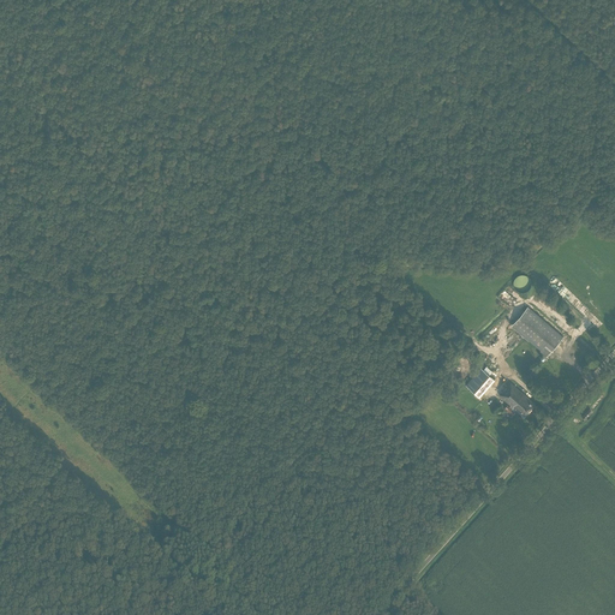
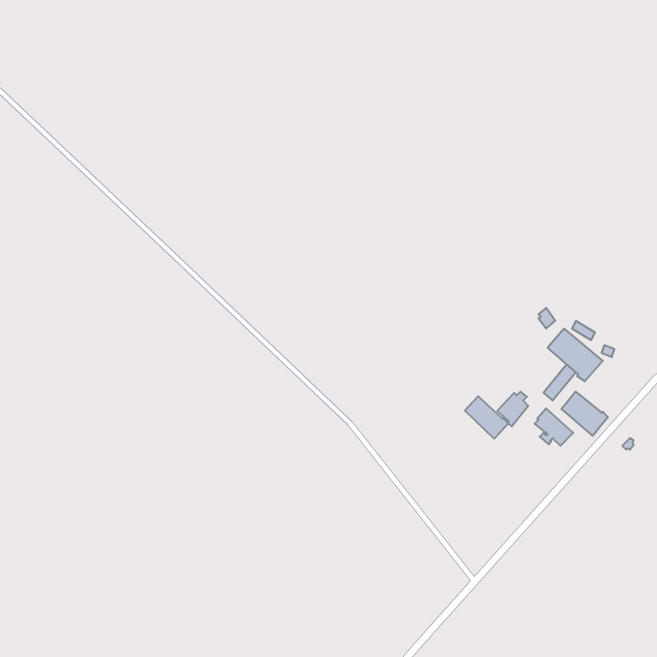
building: none -> [561,392,608,436]
building: none -> [465,396,508,439]

